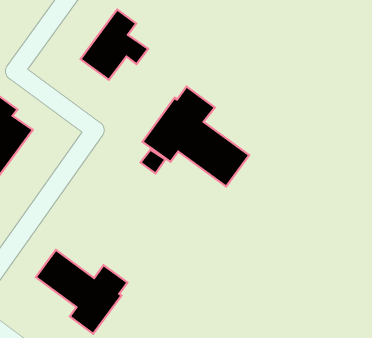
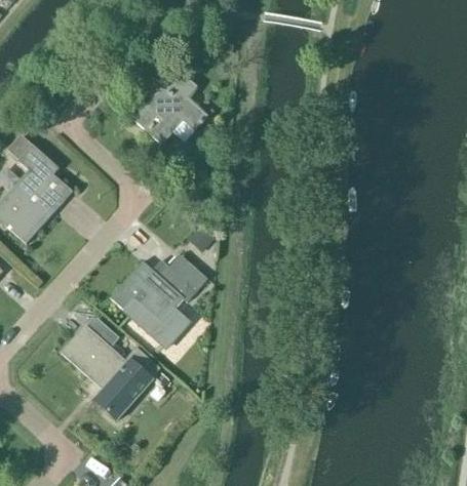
building: [142,86,249,186] -> none
building: none -> [109,259,207,348]

